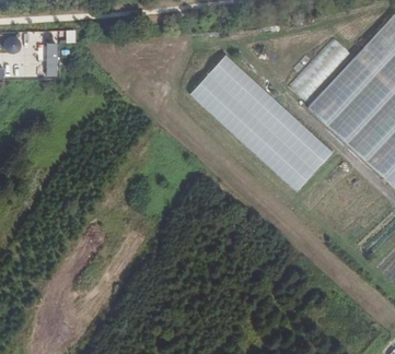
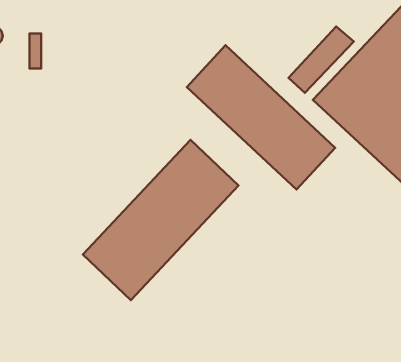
building: none -> [83,140,238,300]

